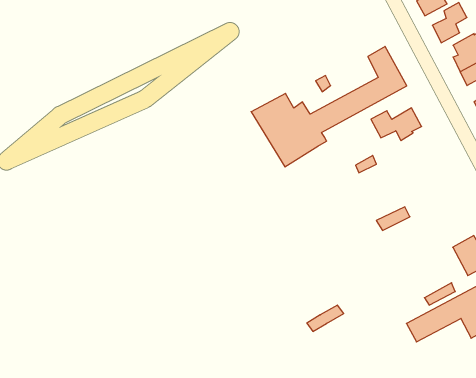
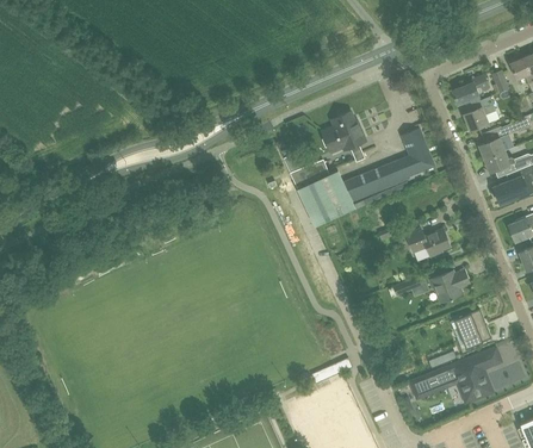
building: none -> [321,112,365,151]
building: [371,108,422,141] -> [404,229,450,257]
building: none -> [428,270,469,303]

